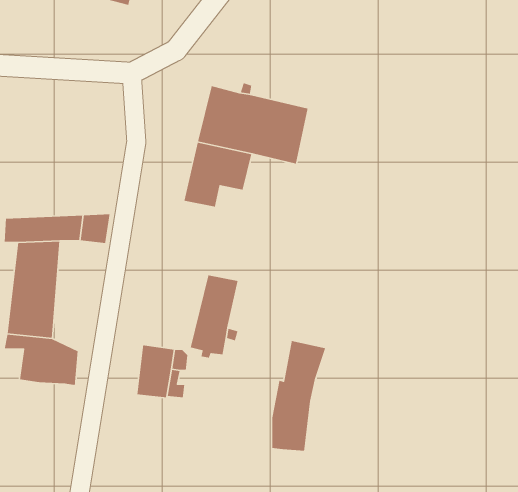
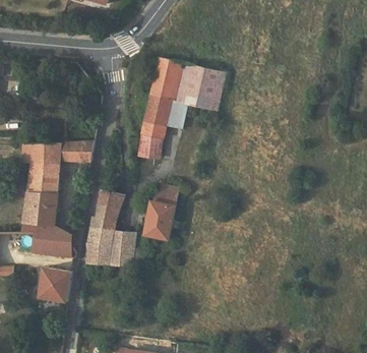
building: none -> [138,134,163,159]
building: [271,340,326,451] -> [87,189,124,263]
building: none -> [39,269,70,301]

